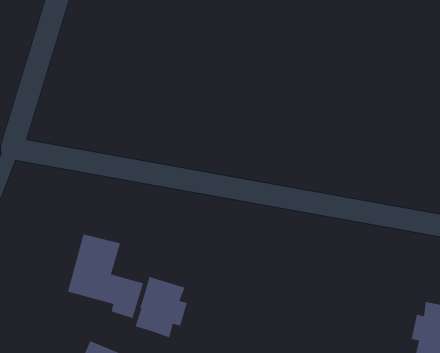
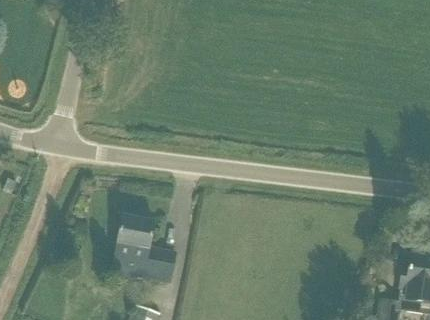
building: [135,276,187,338] -> none

